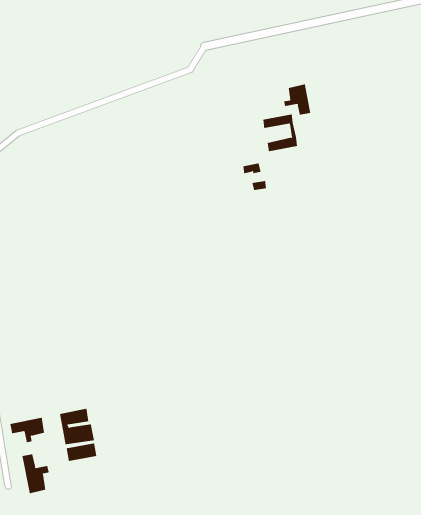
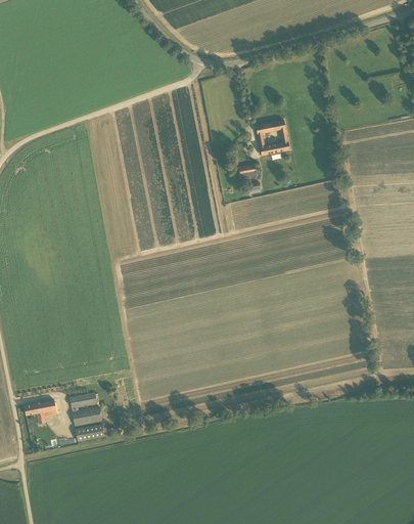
building: [284,84,311,115] -> none
building: [22,453,49,494] -> none

